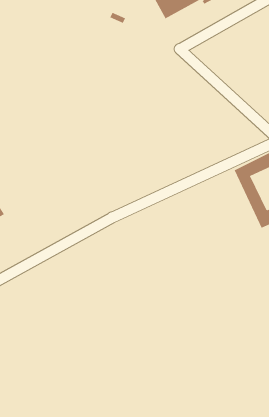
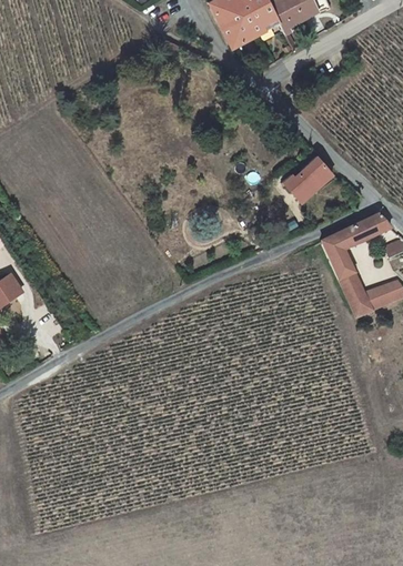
building: none -> [283,155,333,193]

